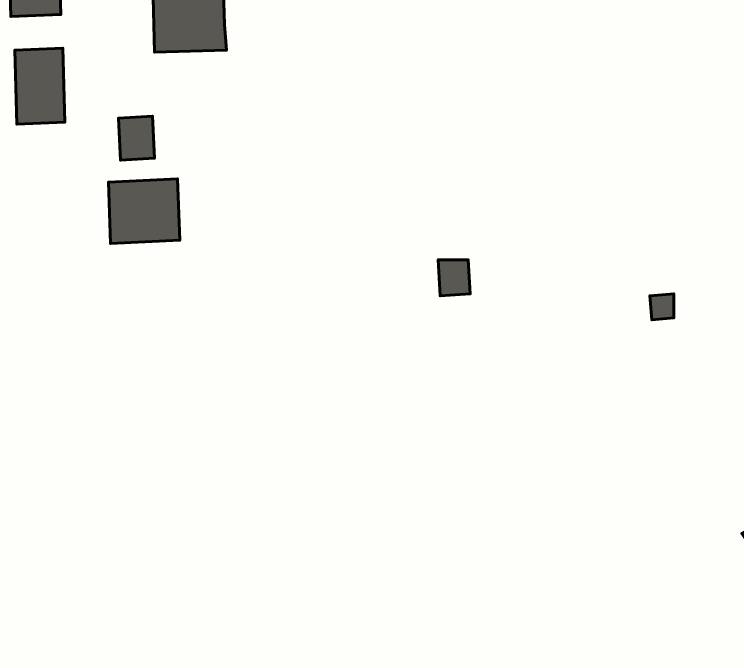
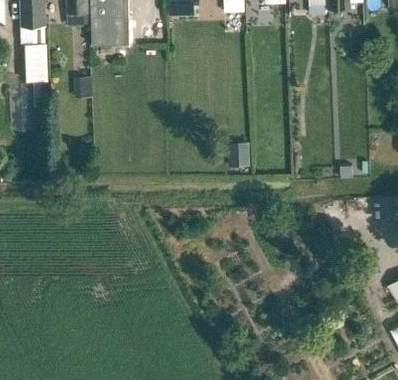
building: [108,179,180,243] -> none

